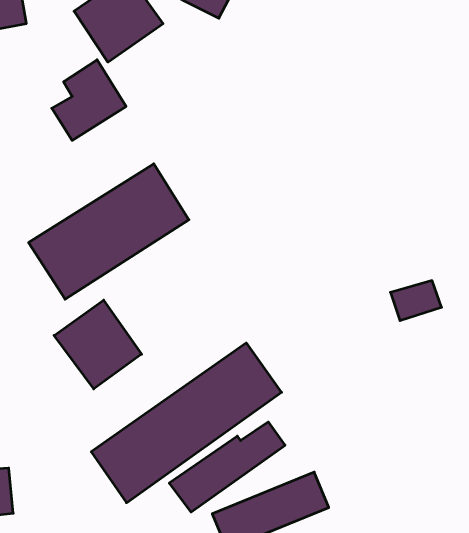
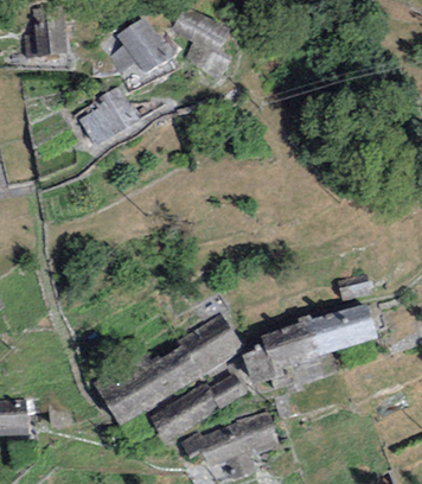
building: [29,164,189,299] -> none
building: [54,300,142,389] -> none
building: none -> [264,307,377,380]

